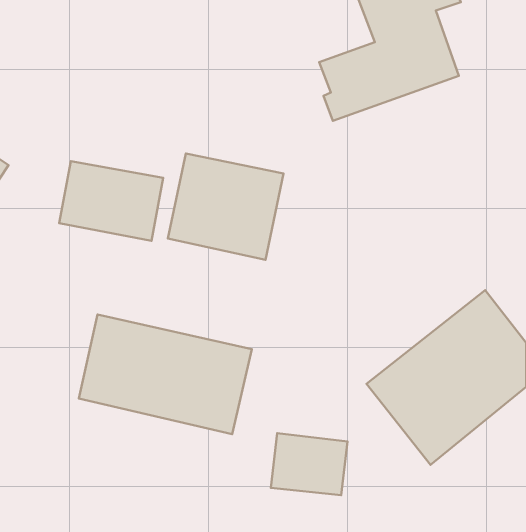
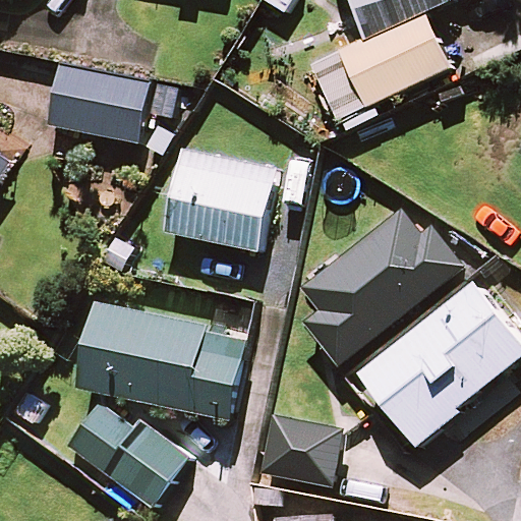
building: [59,161,163,241] -> [46,64,147,141]
building: none -> [300,201,464,366]
building: none -> [66,398,185,505]

